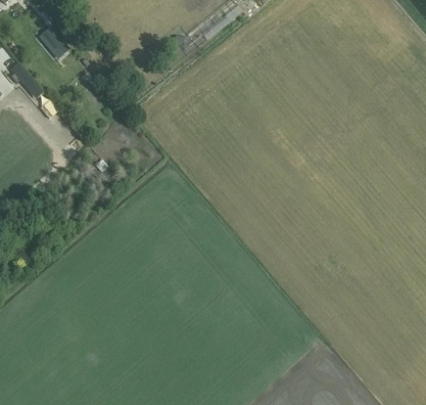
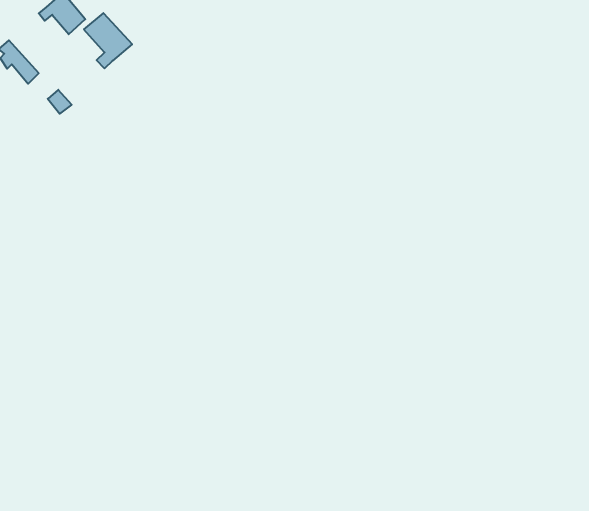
building: none -> [84,13,132,68]

